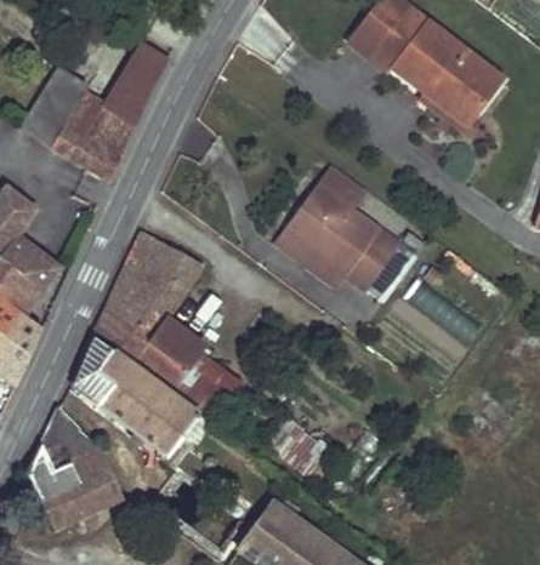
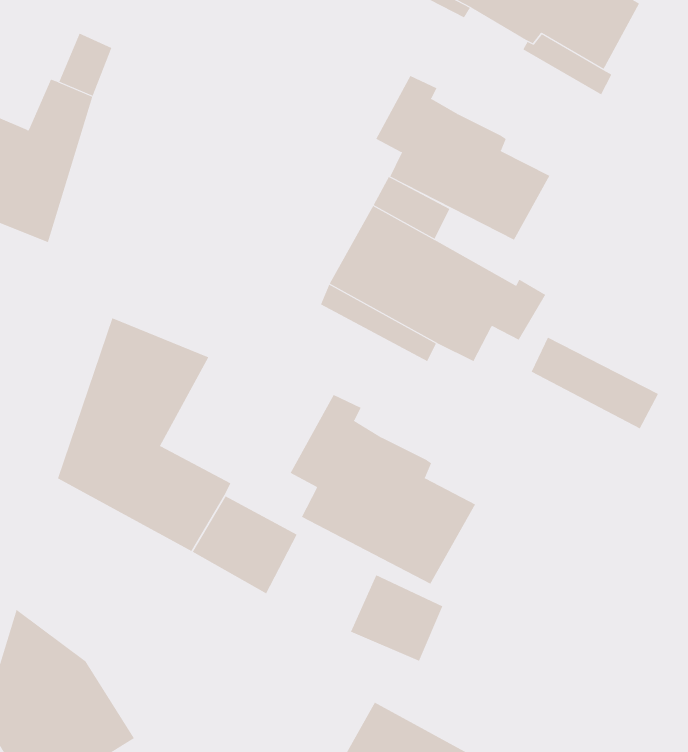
building: none -> [376,75,550,241]
building: none -> [290,394,476,584]
building: [72,336,199,460] -> none

